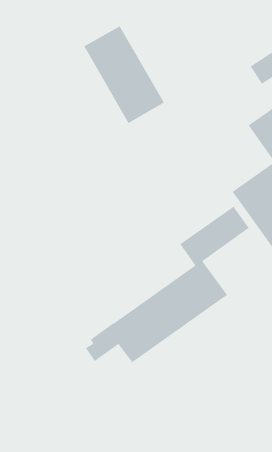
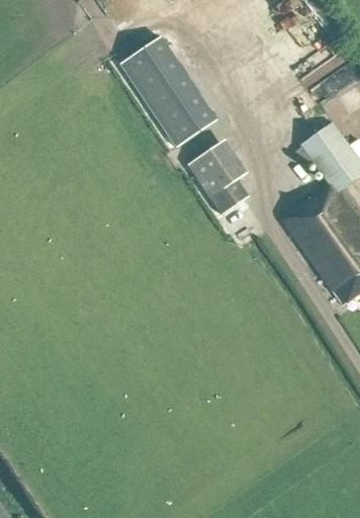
building: none -> [189,140,251,217]
building: [85,206,250,363] -> none

